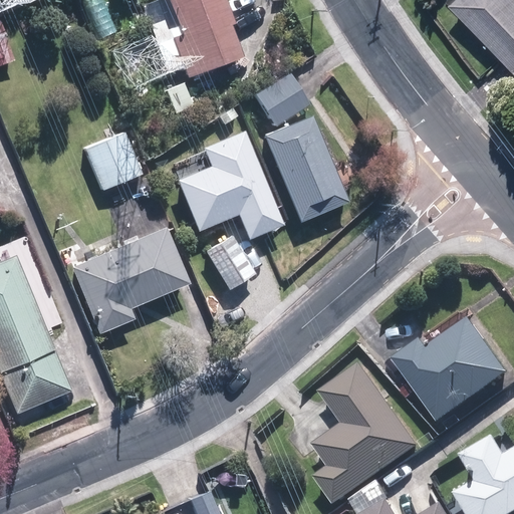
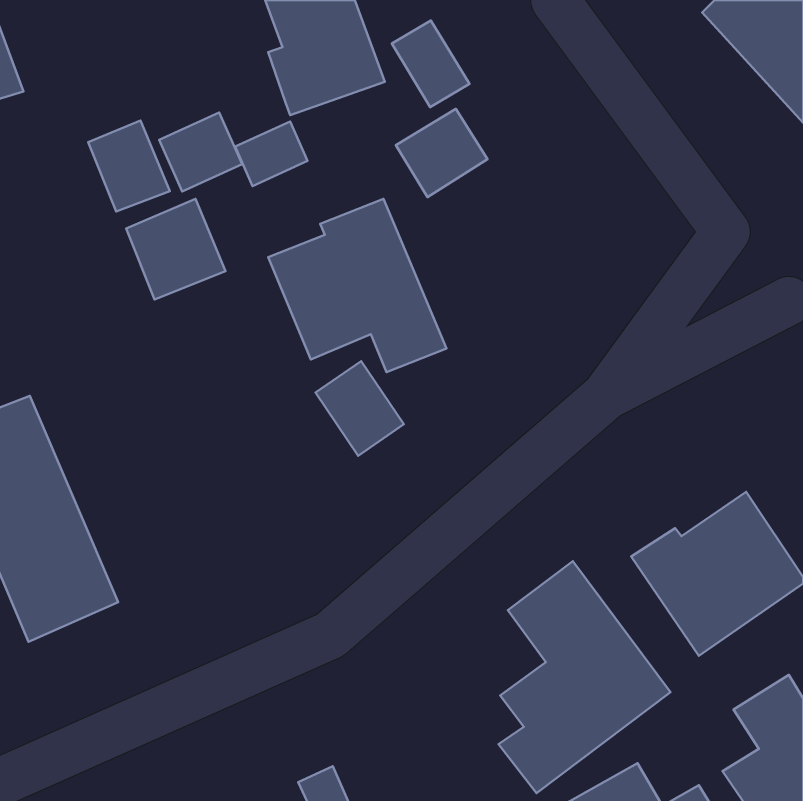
building: none -> [392,20,469,107]
building: none -> [159,112,242,192]
building: none -> [88,121,170,211]
building: [261,114,348,222] -> none
building: [69,224,190,333] -> none

